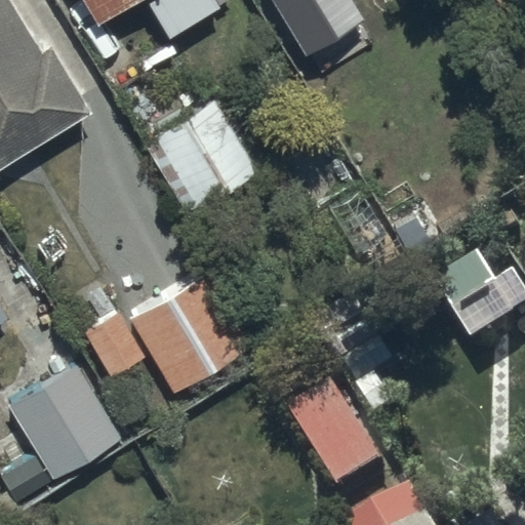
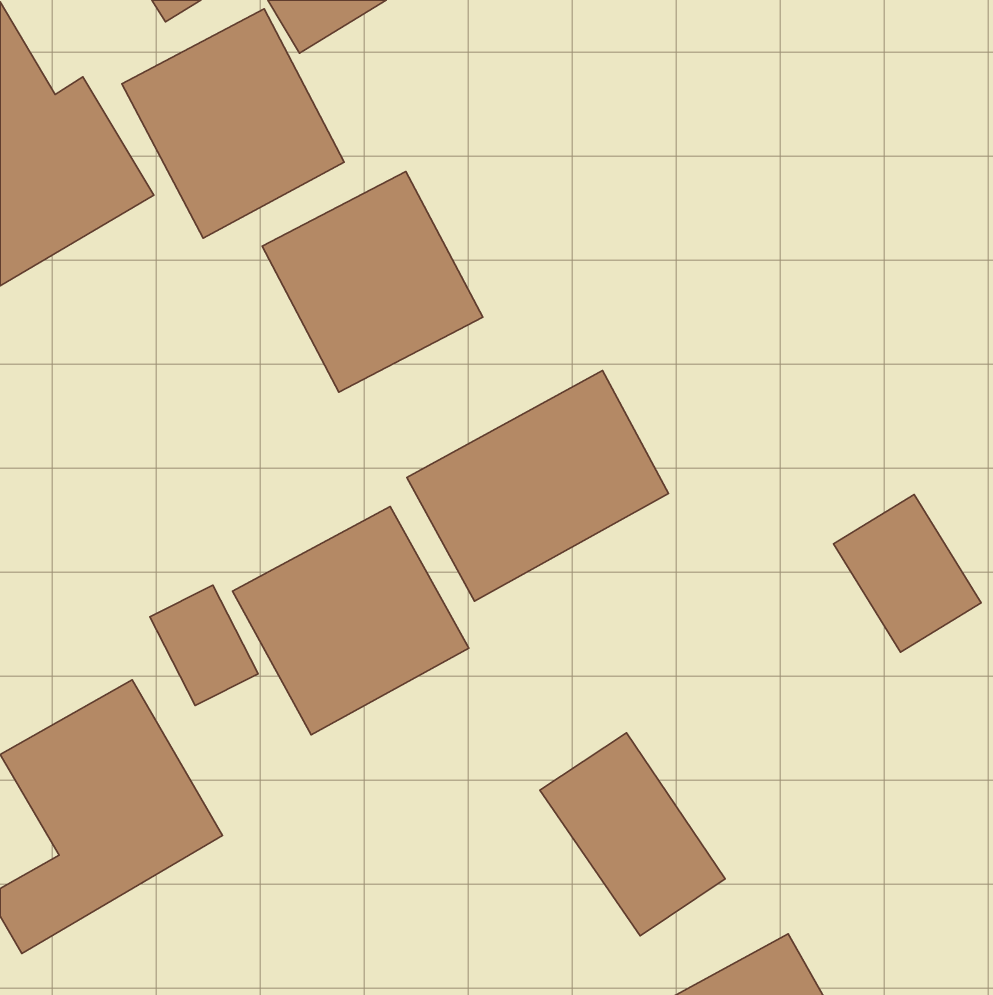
building: none -> [122,9,344,238]
building: none -> [407,371,669,601]

